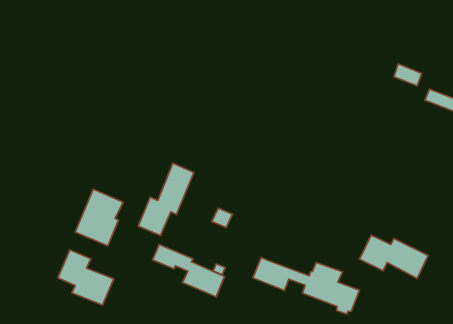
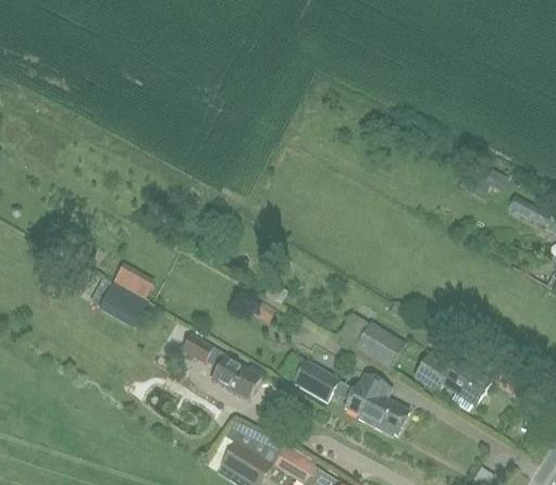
building: [138,163,194,236] -> none
building: none -> [355,320,405,366]
building: [58,250,114,305] -> none

